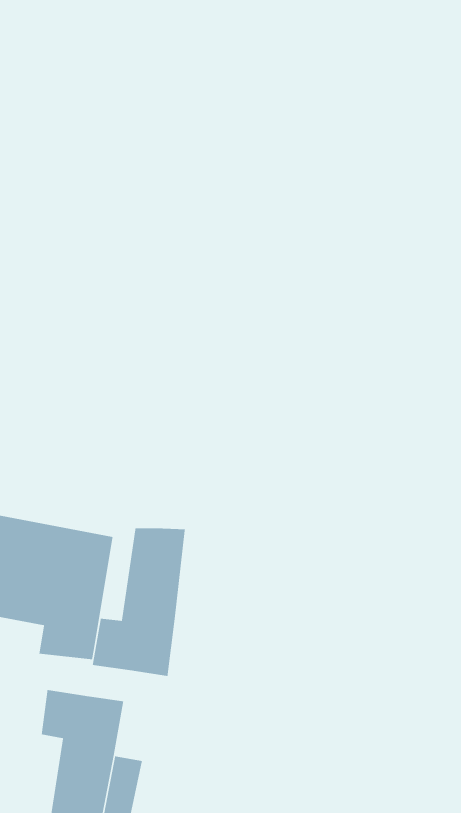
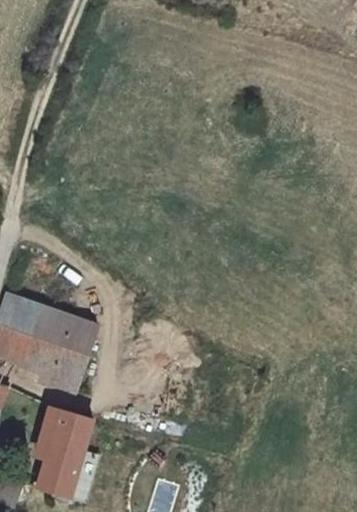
building: [92,528,186,677] -> none

